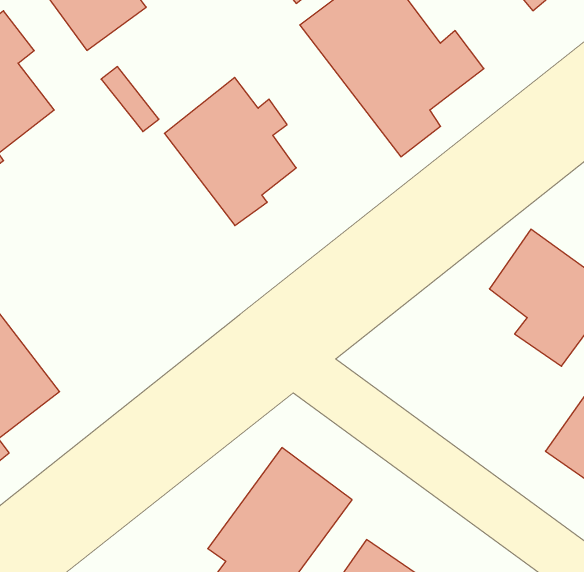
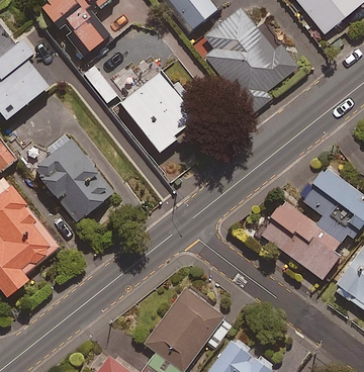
building: none -> [38,134,116,225]
building: none -> [258,195,342,276]

